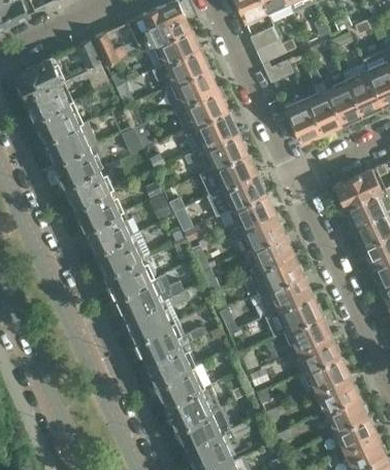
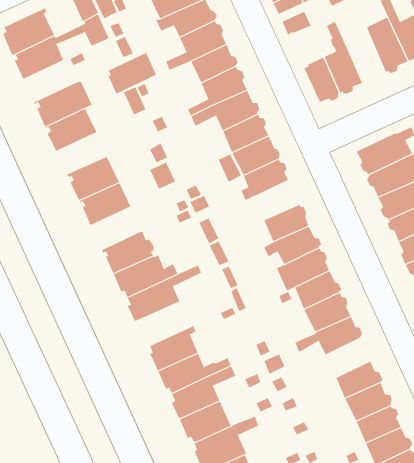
building: [325,81,360,125] -> none
building: [34,104,78,142] -> [108,52,157,94]
building: [62,169,108,207] -> none
building: [233,212,284,248] -> none
building: [93,233,145,275] -> none
building: [133,322,203,362] -> none
building: [305,355,347,391] -> none

